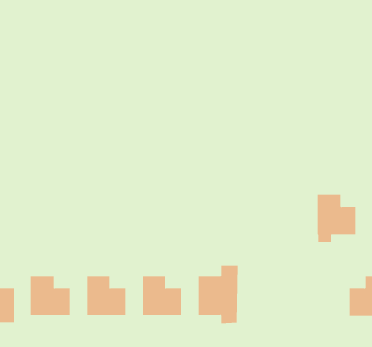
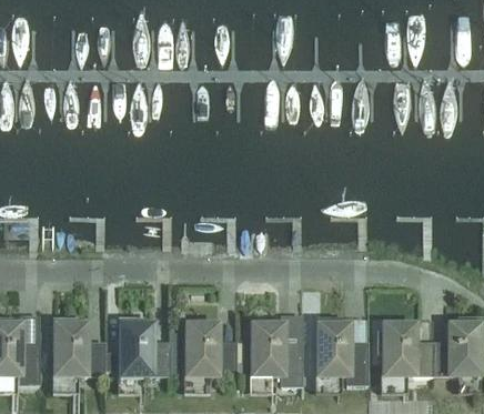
building: [317,194,356,242] -> [384,326,431,383]
building: none -> [319,326,366,383]

